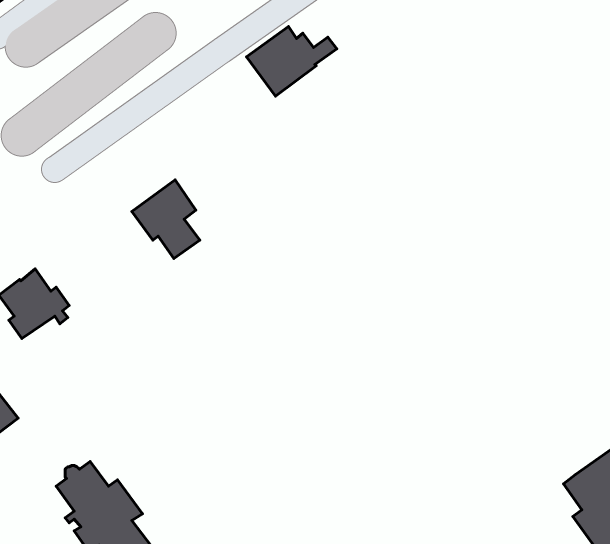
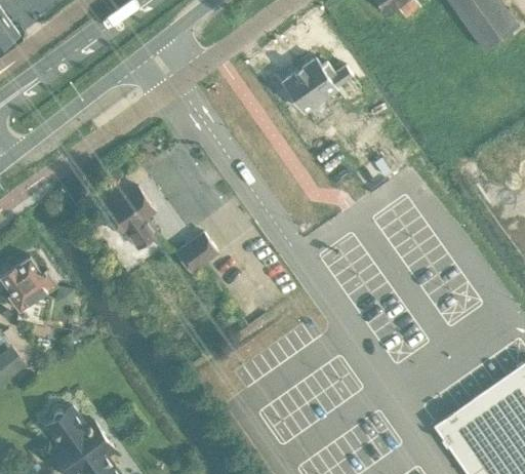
building: [247,27,337,96] -> [282,57,353,112]
building: none -> [176,233,217,272]

